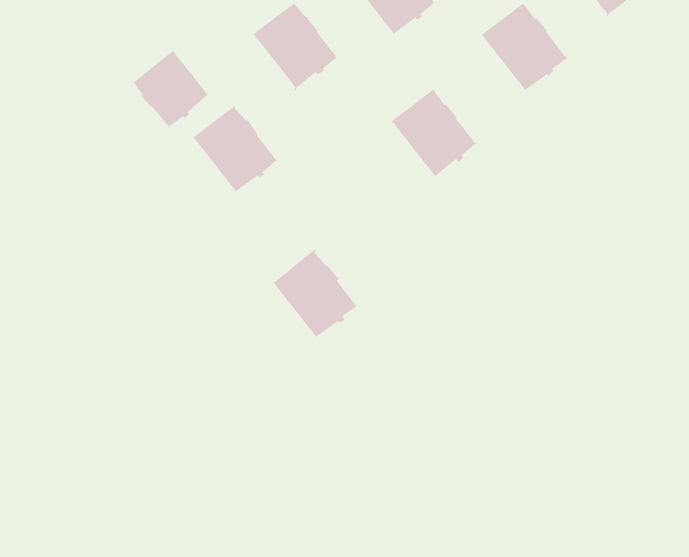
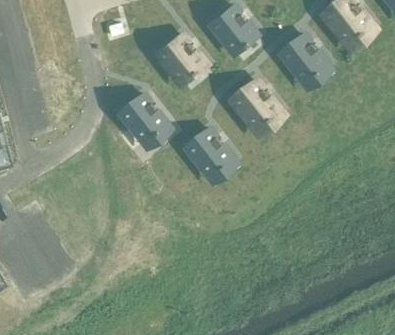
building: [132,49,209,129] -> none
building: [272,248,358,339] -> [194,125,240,173]

